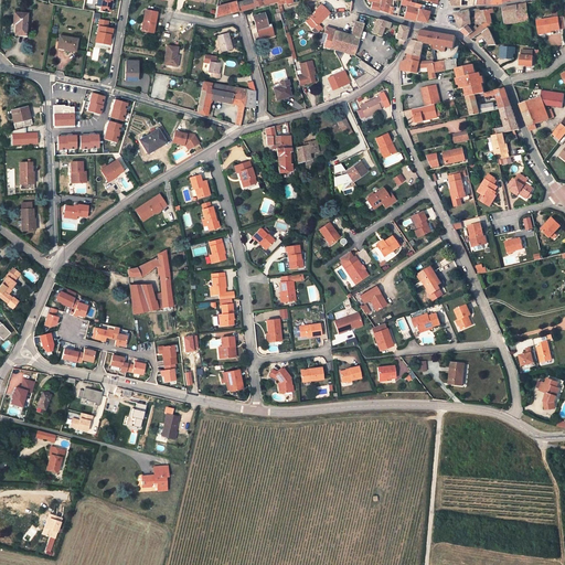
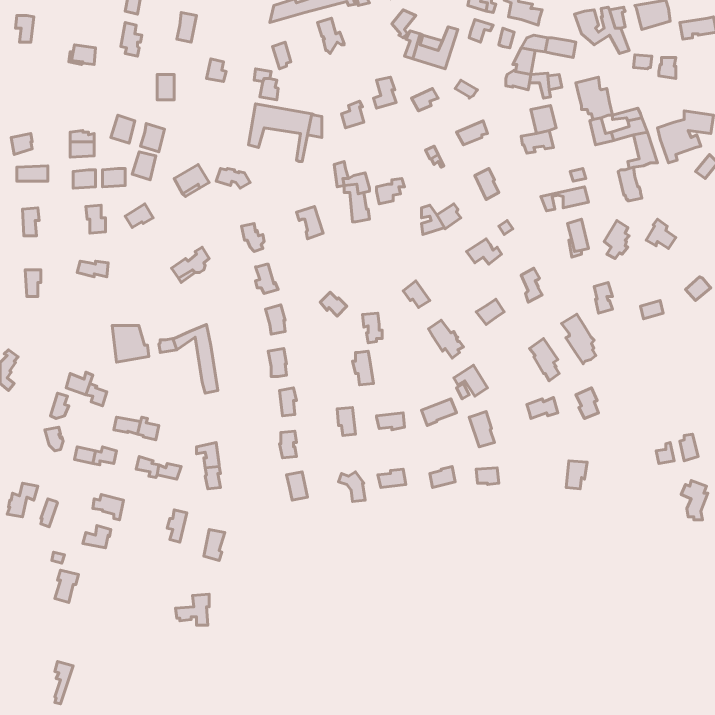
building: none -> [562,314,596,364]
building: [129,286,158,315] -> [112,326,149,362]

